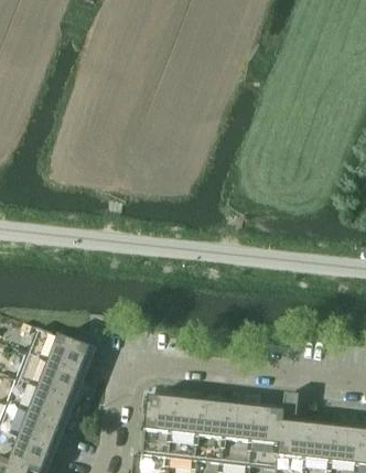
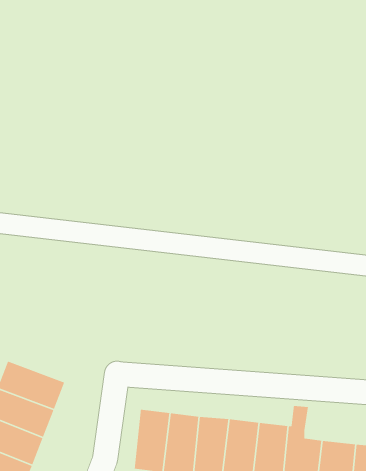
building: [29,326,91,372] -> none

